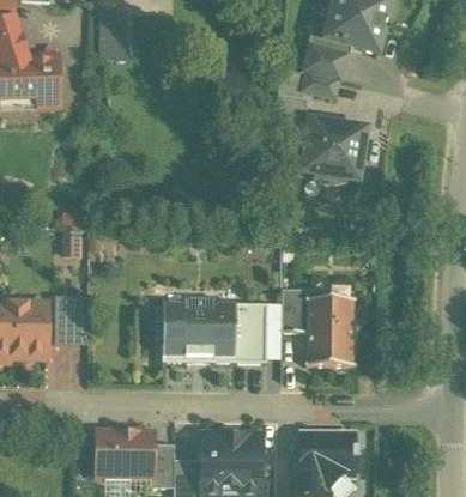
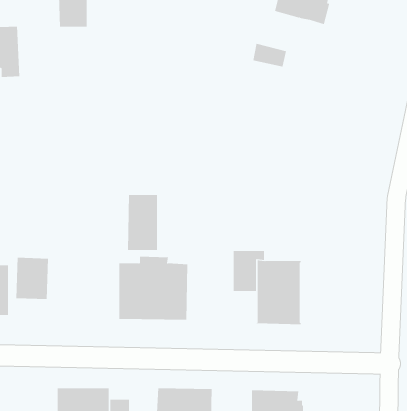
building: [299,38,351,83] -> none
building: [302,121,364,180] -> none
building: [234,304,266,363] -> [127,194,158,250]

